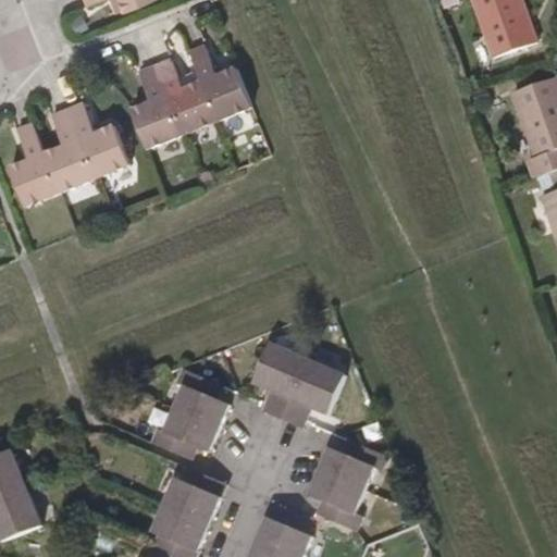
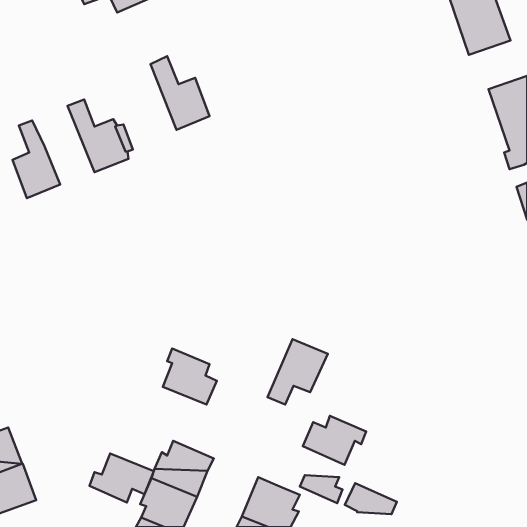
building: [193,46,255,122] -> none
building: [134,67,185,150] -> none
building: [47,111,99,194] -> none
building: [250,339,307,417] -> none
building: [149,406,216,457] -> [89,454,154,502]
building: [307,468,361,500] -> [345,483,397,514]

